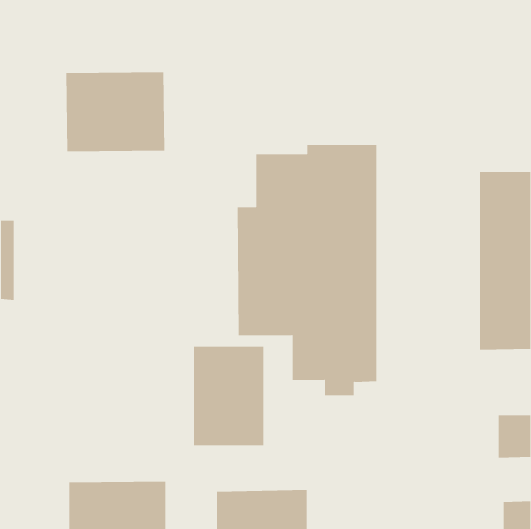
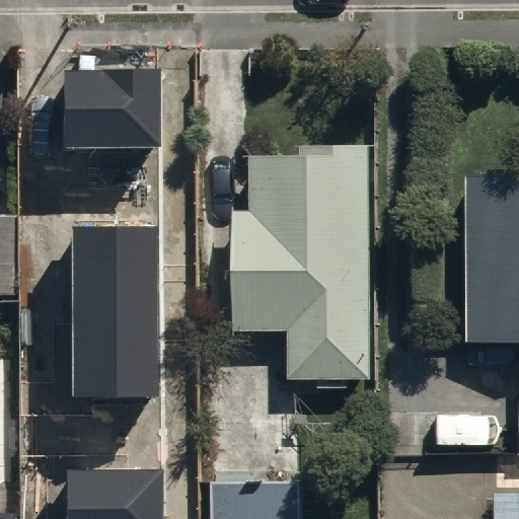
building: none -> [72,228,158,399]
building: [193,346,264,446] -> none

